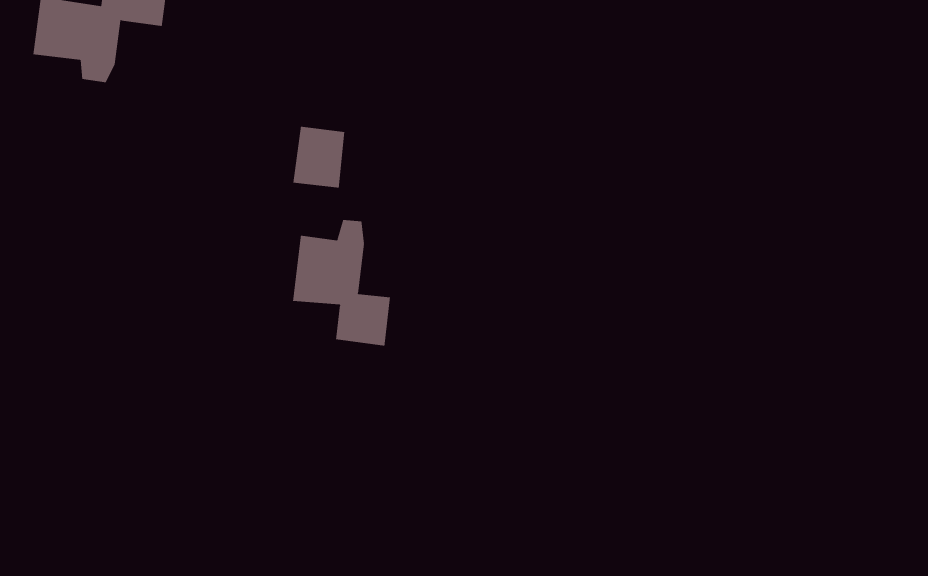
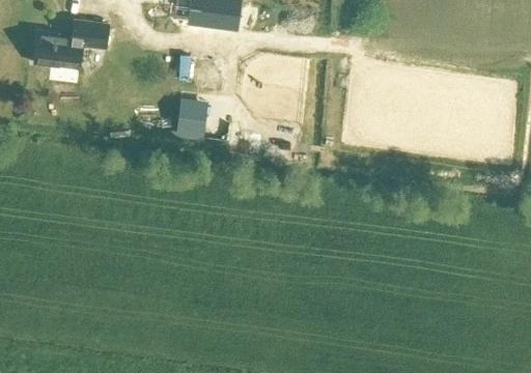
building: [293,219,391,346] -> none

